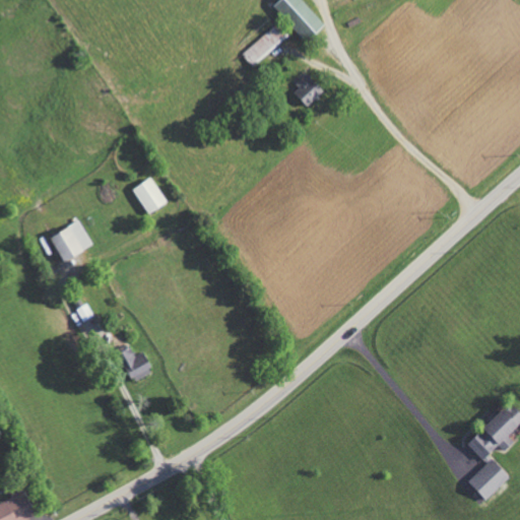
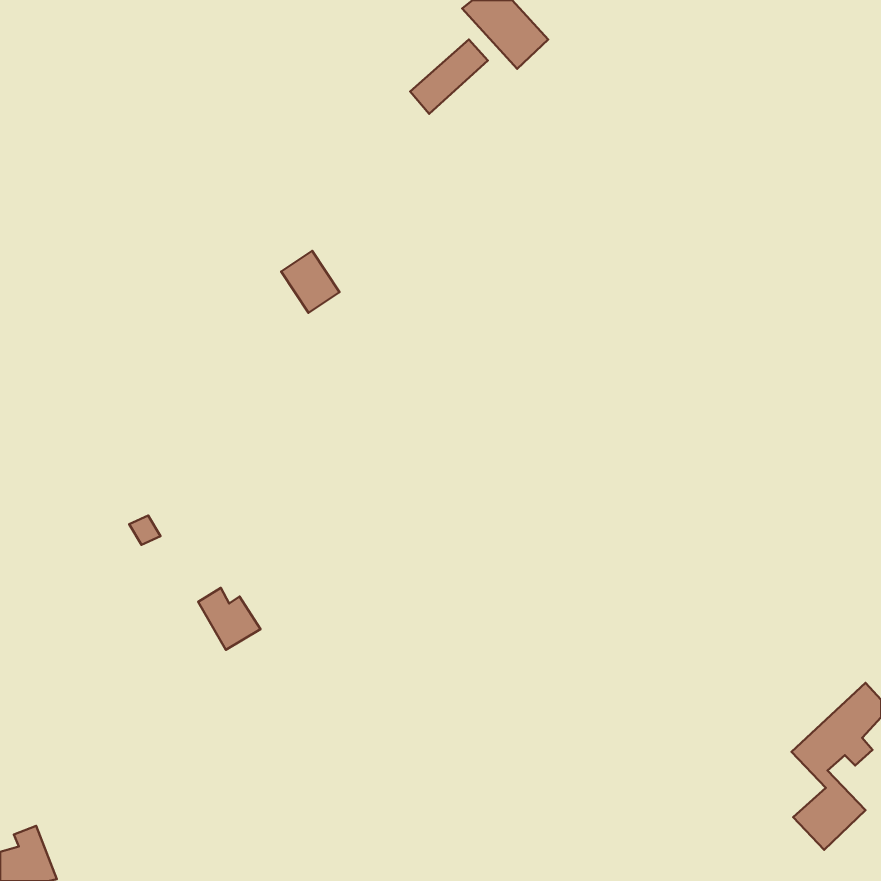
building: [291,74,323,107] -> none
building: [132,177,167,213] -> [281,251,340,313]
building: [49,219,93,261] -> none

